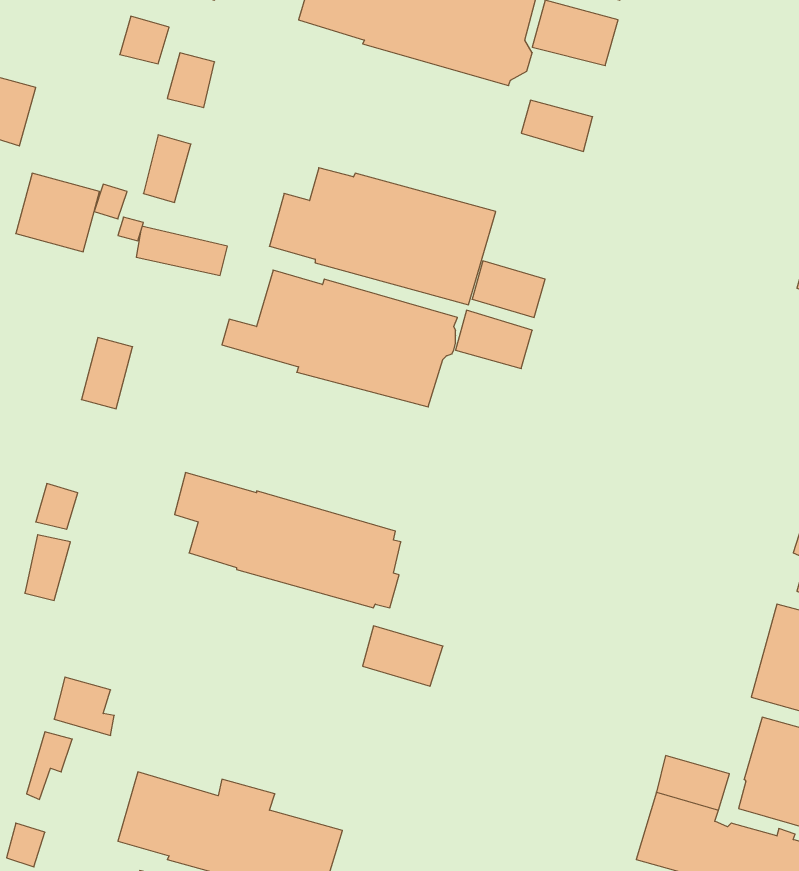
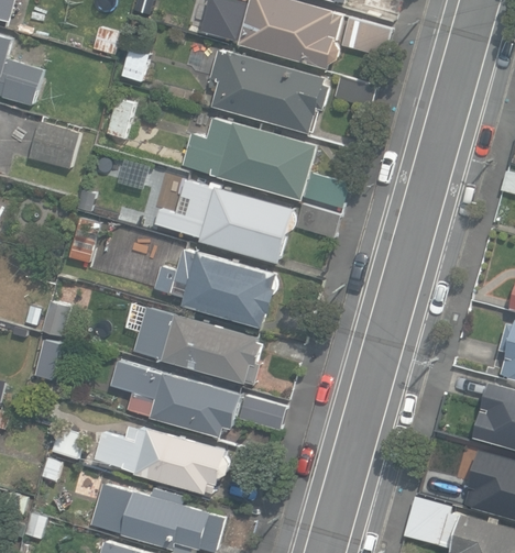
building: none -> [209,49,329,134]
building: none -> [153,248,276,329]
building: none -> [108,358,242,438]
building: none -> [94,427,229,493]

